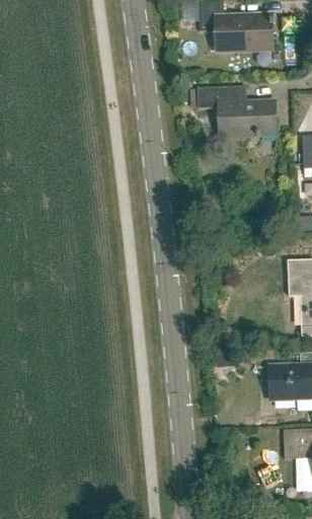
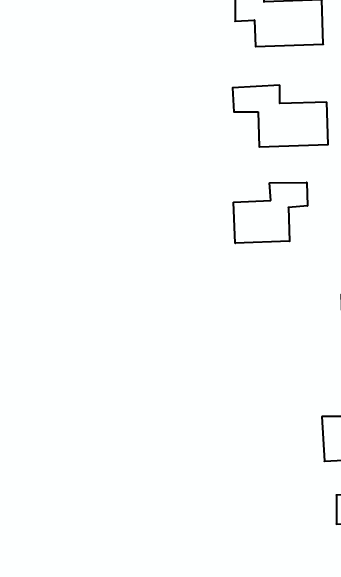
building: none -> [234,182,307,243]

